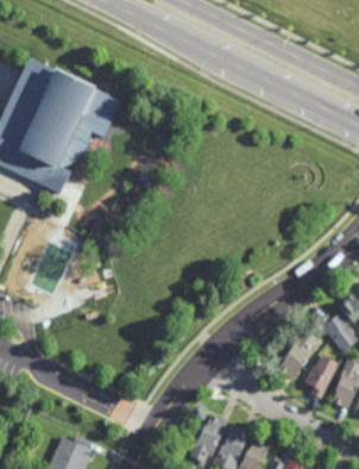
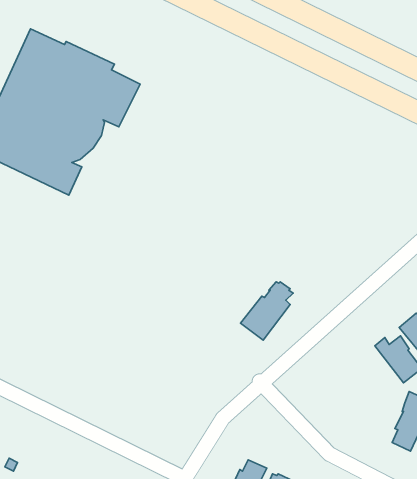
building: [272,332,316,381] -> [240,282,293,340]
building: [303,355,339,400] -> none

